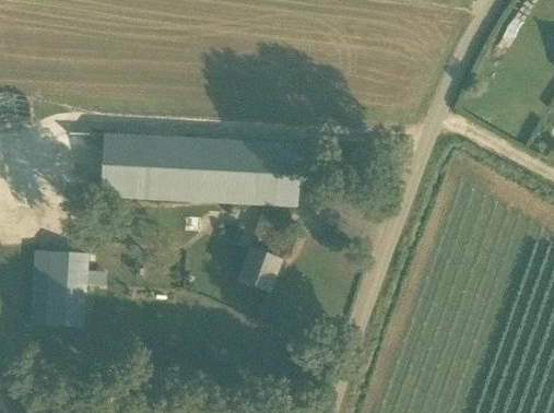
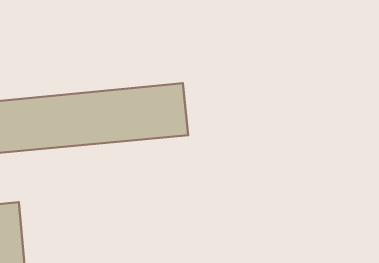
building: [235,223,283,291] -> none

